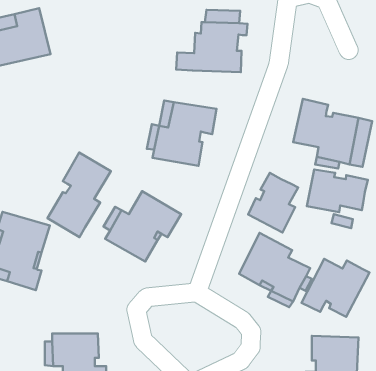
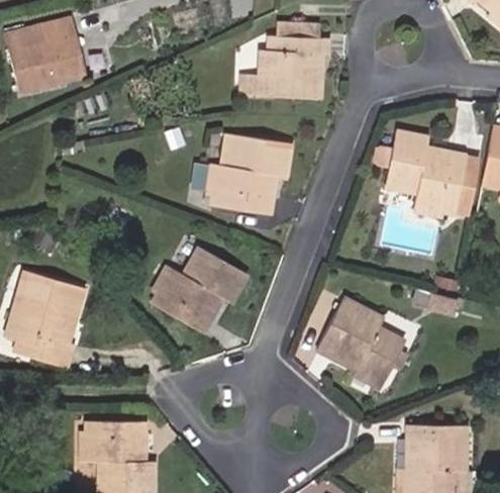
building: [48,153,111,237] -> none
building: [307,170,368,212] -> none
building: [248,173,298,233] -> none
building: [302,259,369,317] -> none

